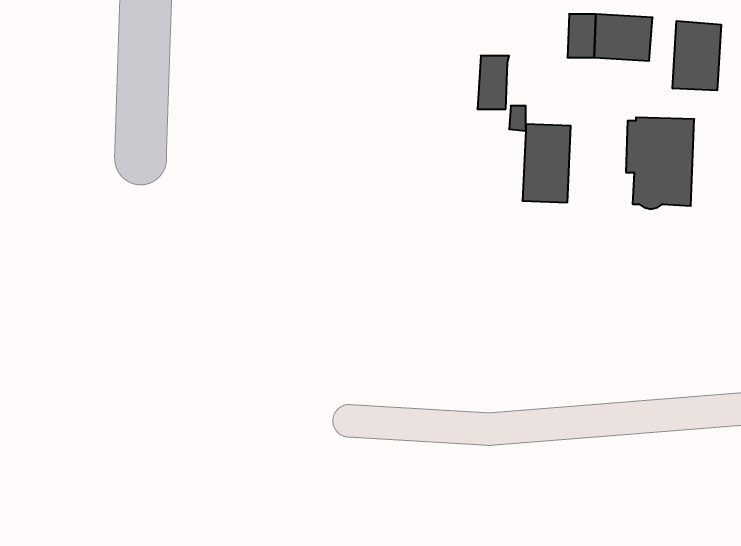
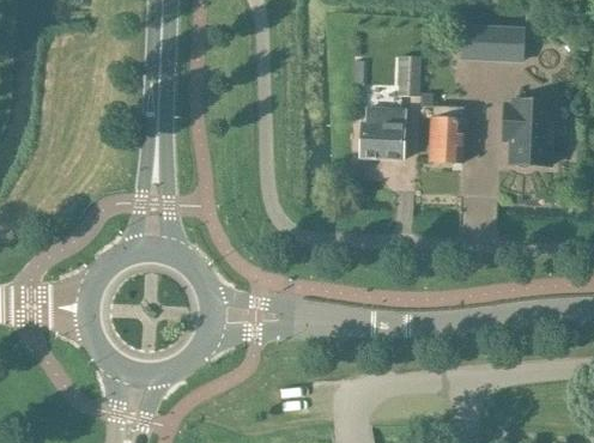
building: [673,21,721,90] -> none
building: none -> [359,108,405,159]

